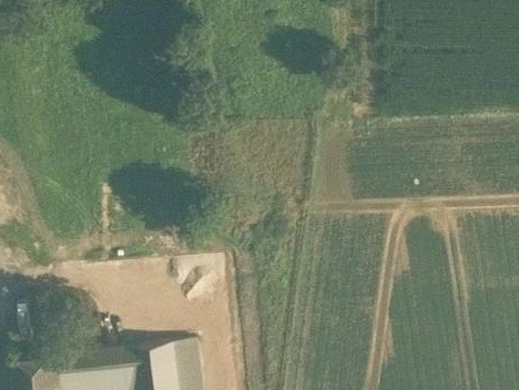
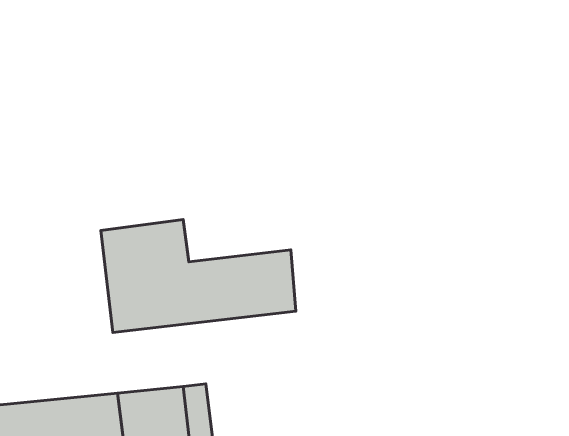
building: none -> [101,220,296,332]

